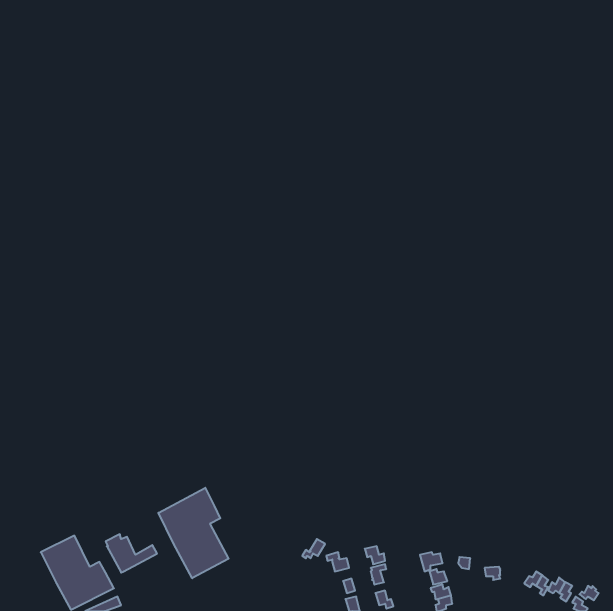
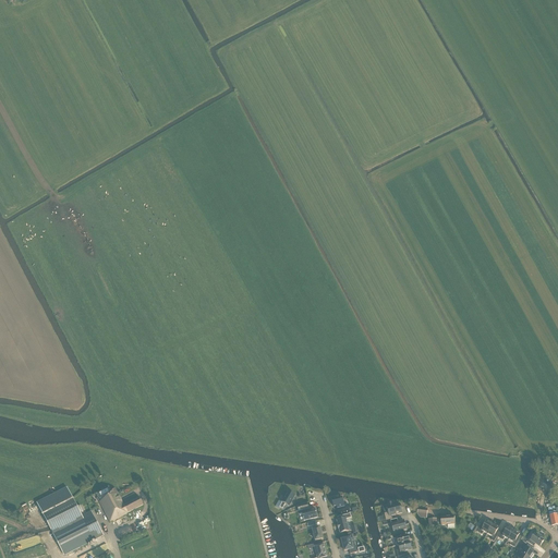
building: [158,488,229,578] -> none

